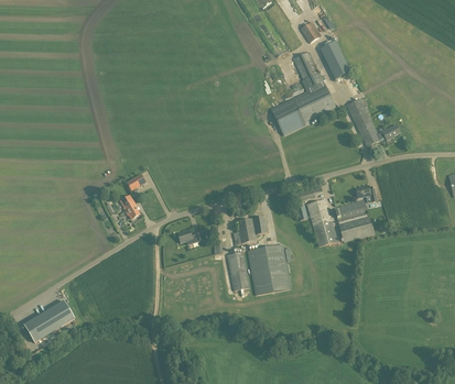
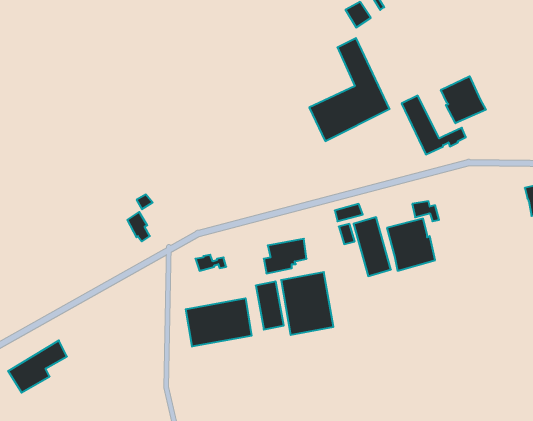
building: [319,41,349,78] -> none
building: none -> [441,76,486,123]
building: none -> [186,298,252,347]

